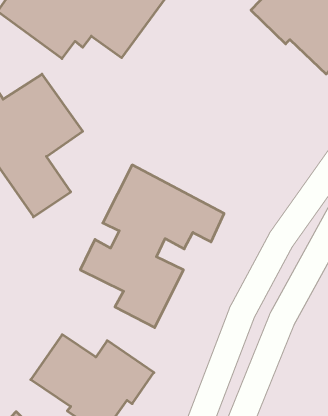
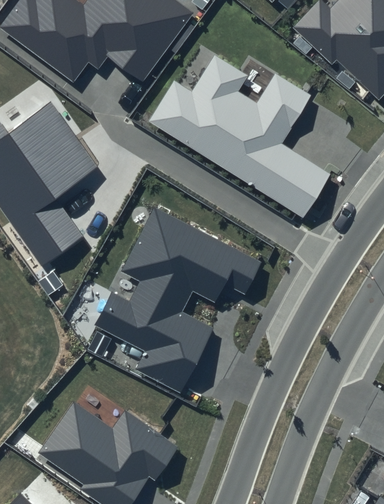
building: none -> [147,53,329,217]

